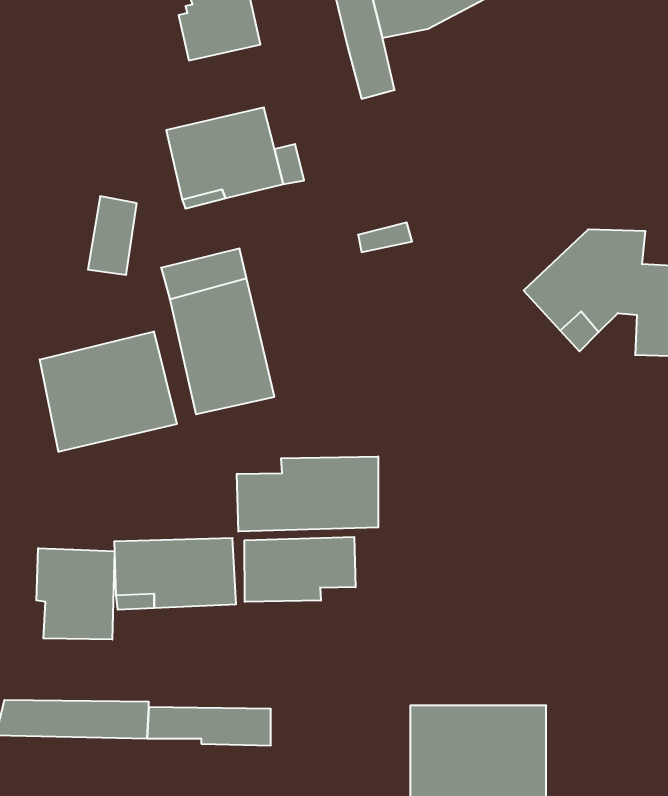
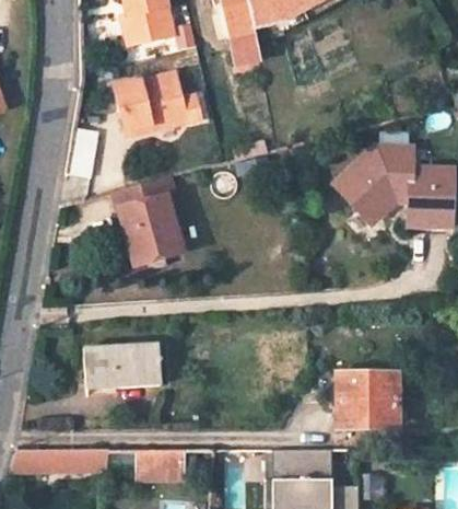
building: [40,331,177,452] -> none
building: [237,456,378,532] -> none
building: [245,537,356,602] -> none
building: [36,548,114,640] -> none
building: none -> [327,373,391,426]

